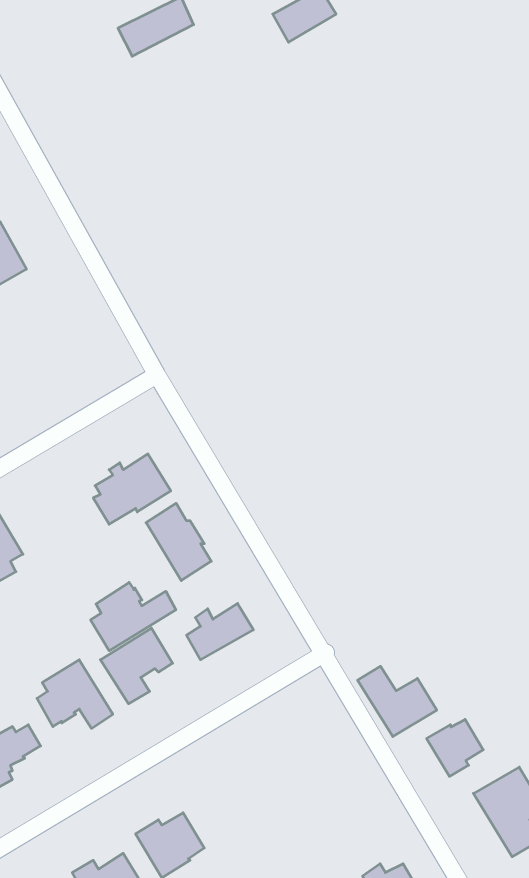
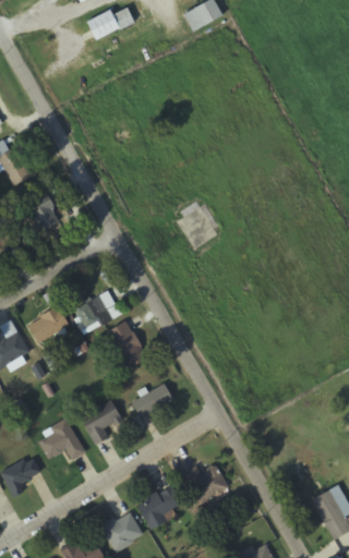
building: none -> [25,193,58,231]
building: none -> [27,305,69,343]
building: [91,582,176,651] -> none
building: [358,666,437,737] -> [179,461,228,505]
building: [427,719,483,776] -> none
building: none -> [136,485,182,530]

